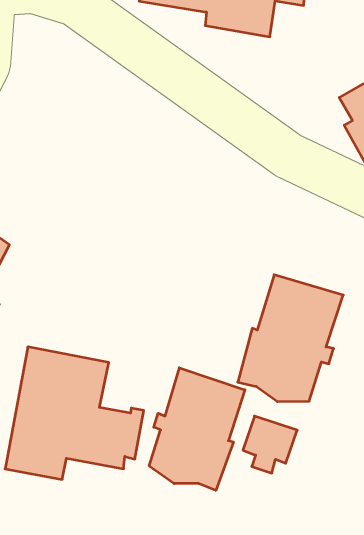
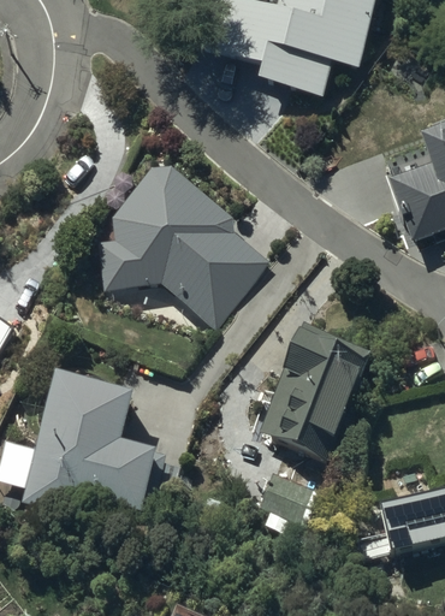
building: none -> [97,160,266,315]
building: [149,368,245,490] -> none

